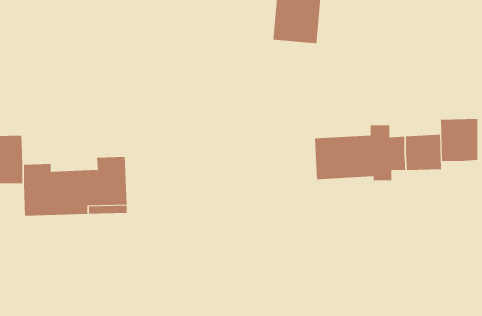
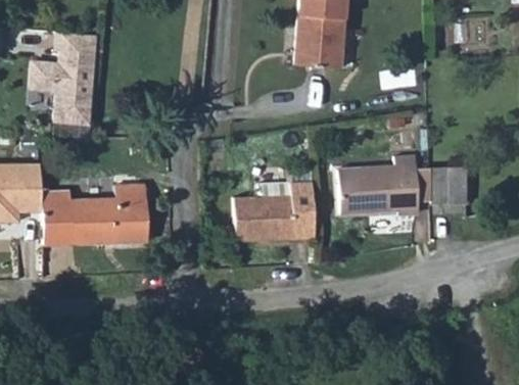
building: none -> [31,36,97,127]
building: [440,118,478,162] -> none
building: none -> [233,172,314,231]

